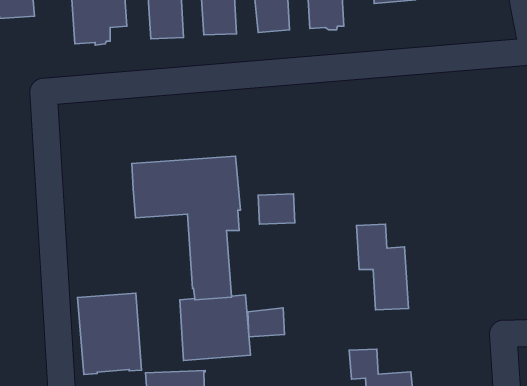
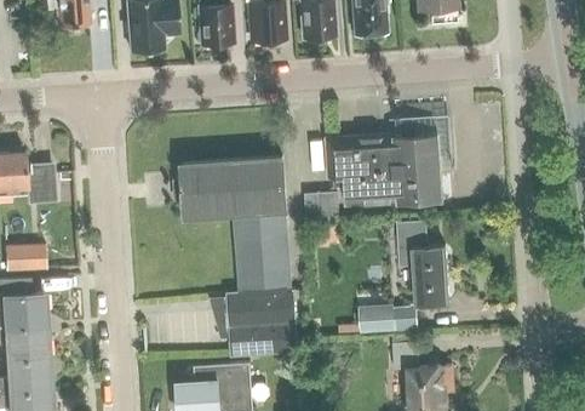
building: none -> [329,121,446,206]
building: [77,293,141,374] -> none
building: [248,308,284,337] -> [361,307,396,335]

